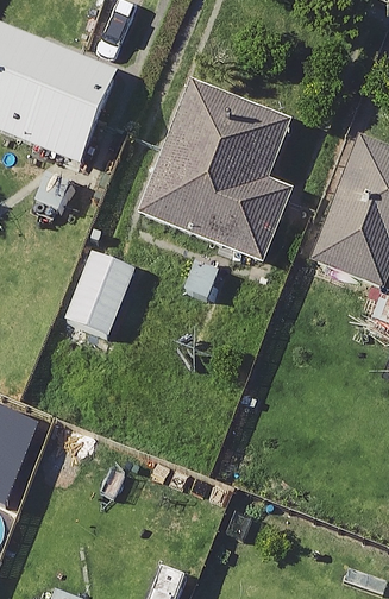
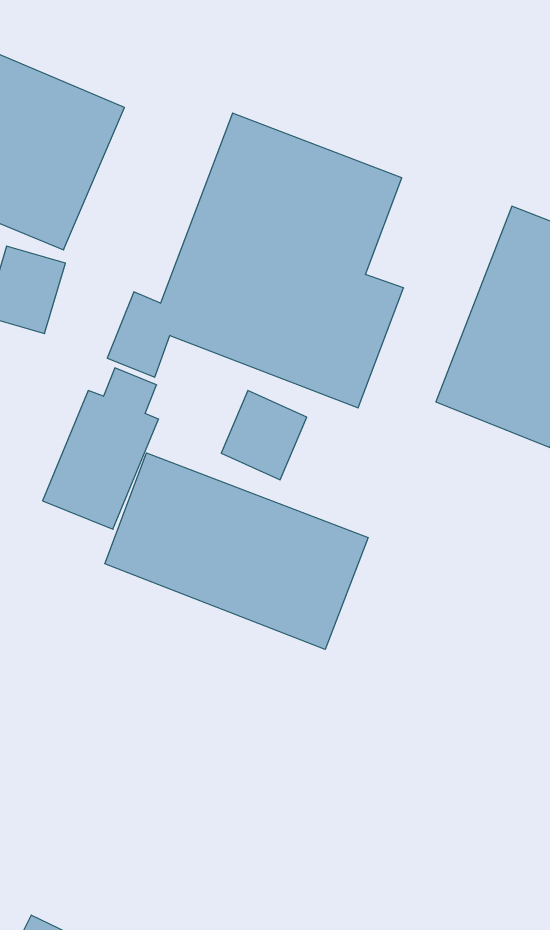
building: none -> [105,453,368,649]

